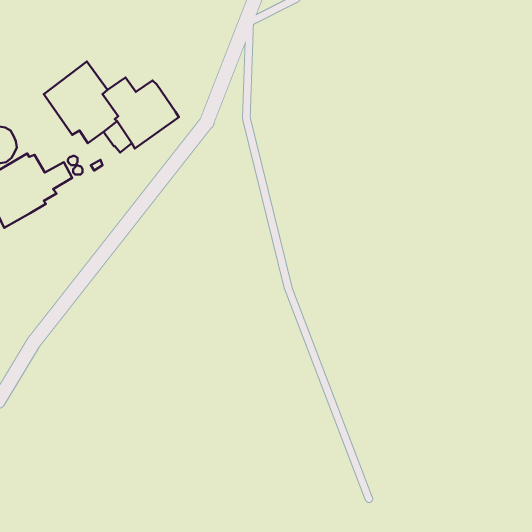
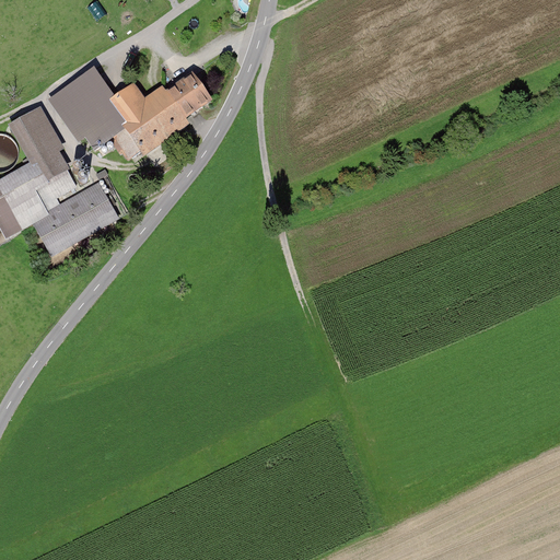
building: none -> [164,70,210,117]
building: none -> [8,105,69,180]
building: none -> [32,180,119,257]

